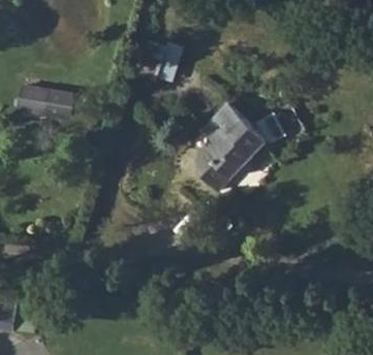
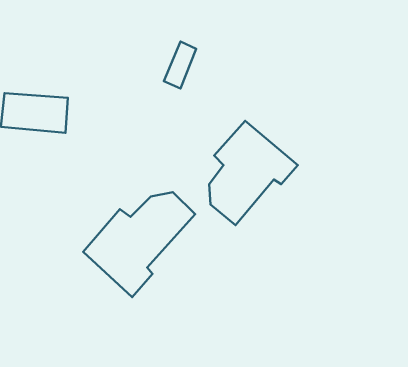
building: none -> [83,192,195,297]

